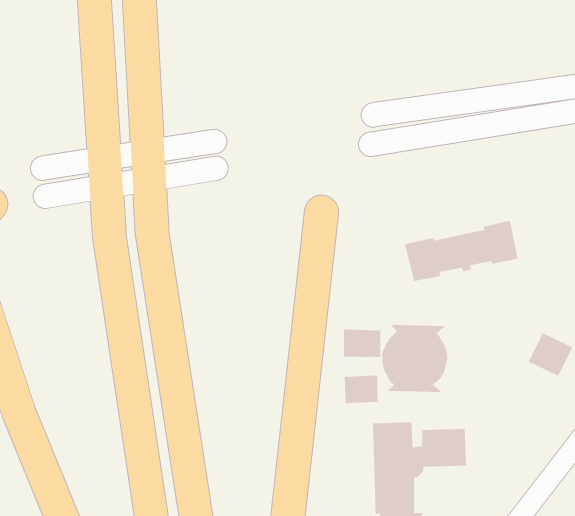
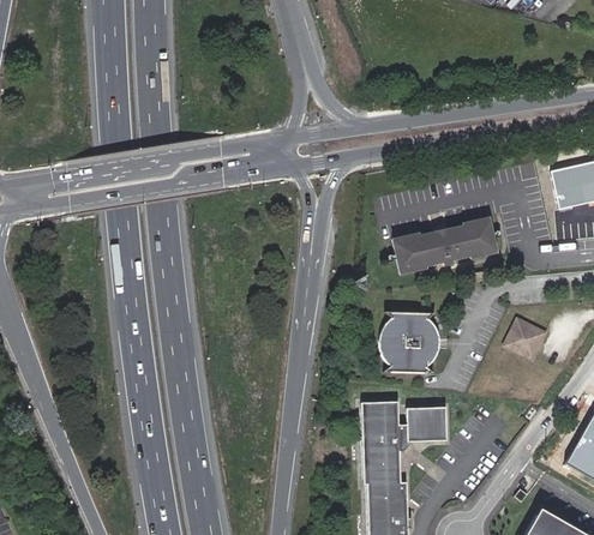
building: [344,329,381,358] -> none
building: [344,375,378,404] -> none

